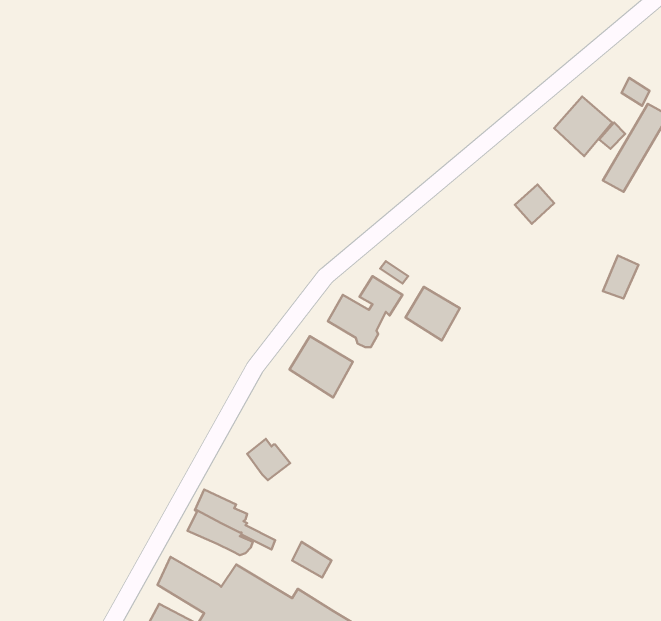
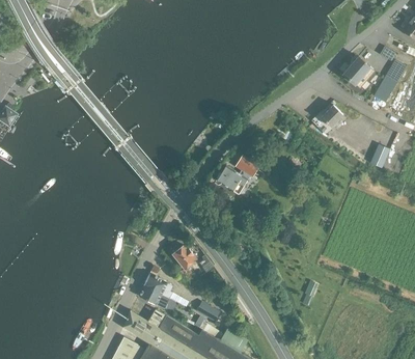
building: [405,287,460,341] -> none
building: [289,336,353,397] -> none

